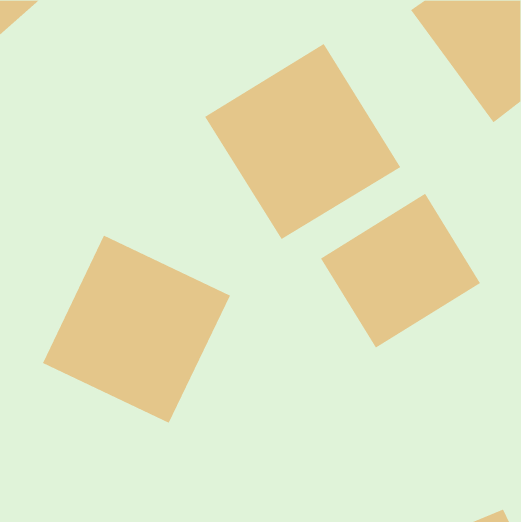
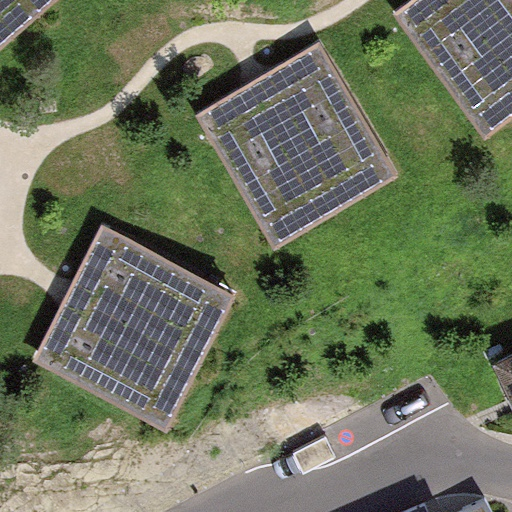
building: [320,193,481,349] -> none

